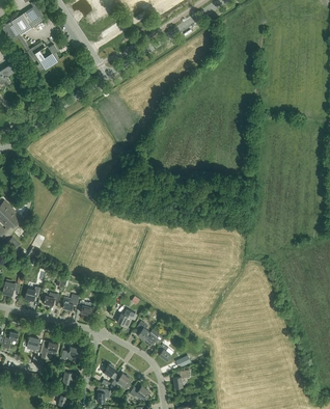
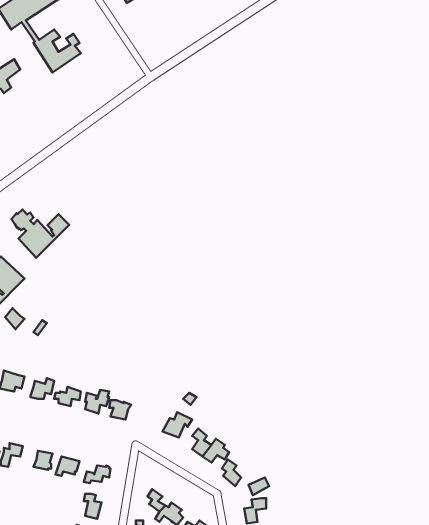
building: none -> [12,210,69,258]

